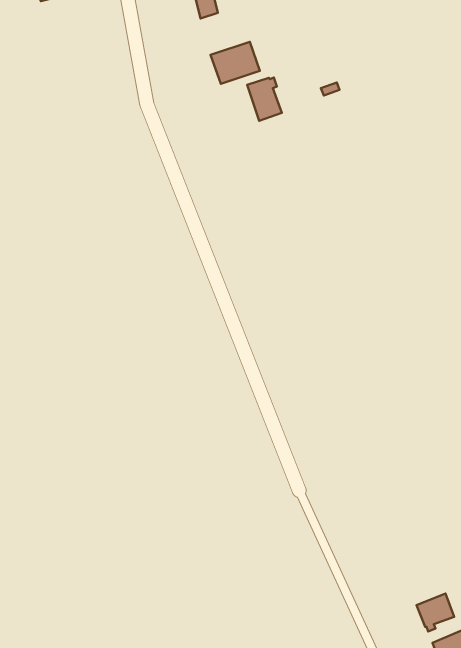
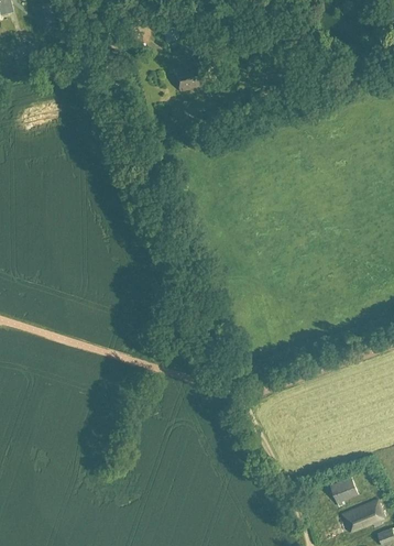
building: [247,77,282,121] -> none

